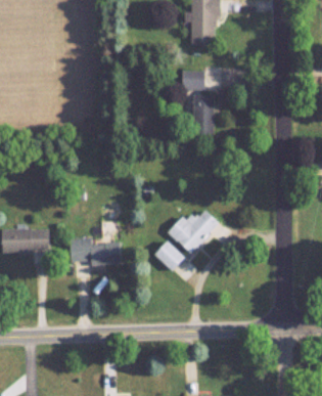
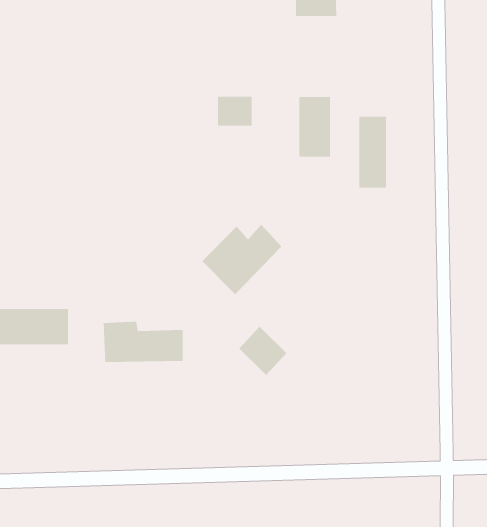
building: [182,71,204,90] -> [217,96,253,126]
building: none -> [358,116,387,188]
building: [168,209,219,254] -> [201,224,282,295]

